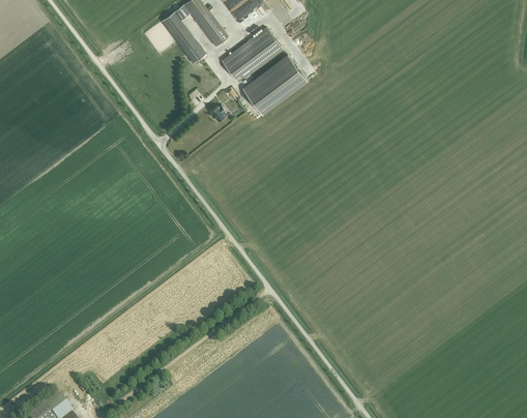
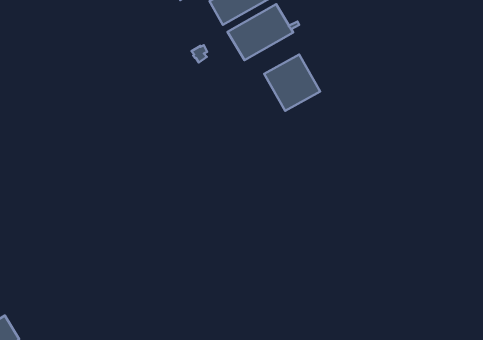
building: none -> [264,55,320,111]

